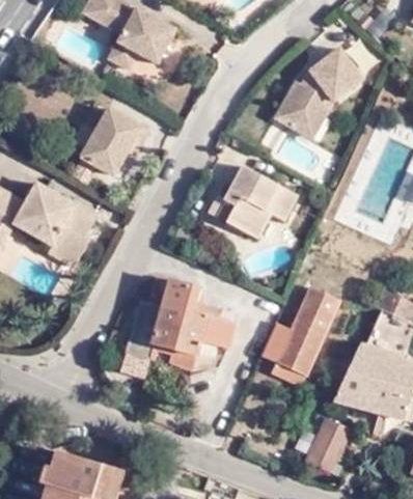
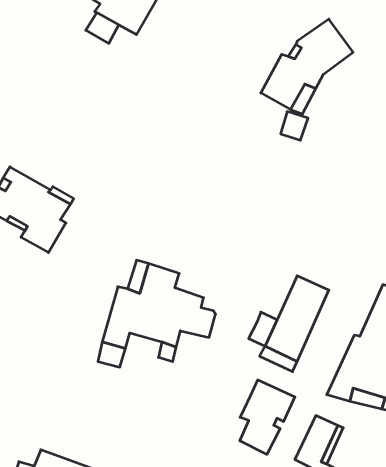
building: [74,111,148,188] -> none
building: [209,167,296,237] -> none
building: none -> [240,380,295,454]

